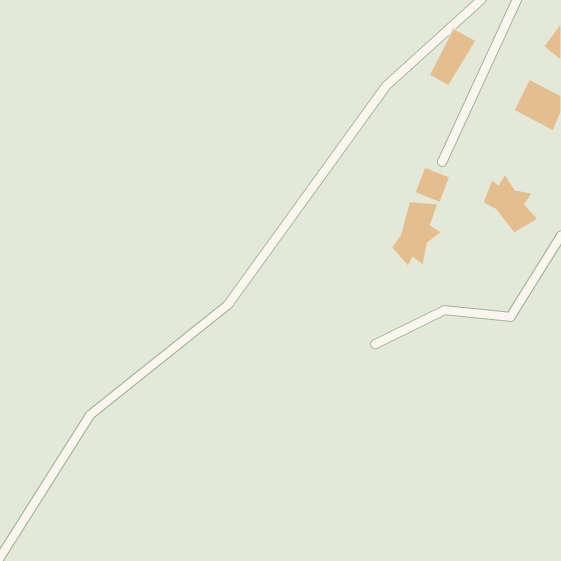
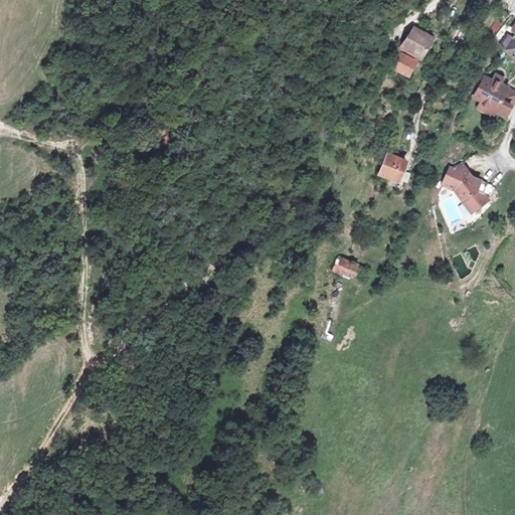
building: [391,201,442,266] -> none
building: none -> [332,255,361,280]

